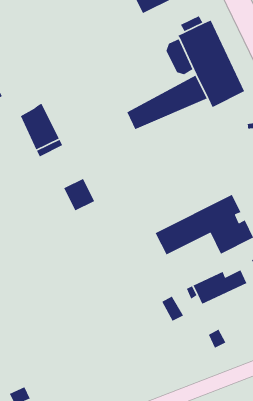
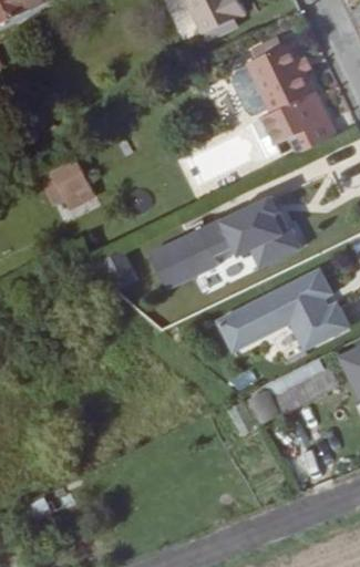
building: none -> [152,196,302,288]

